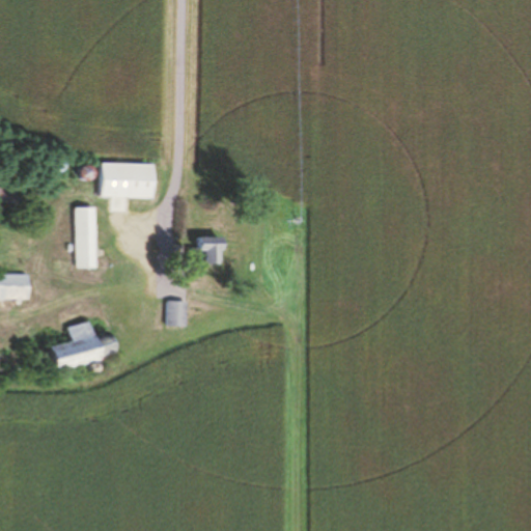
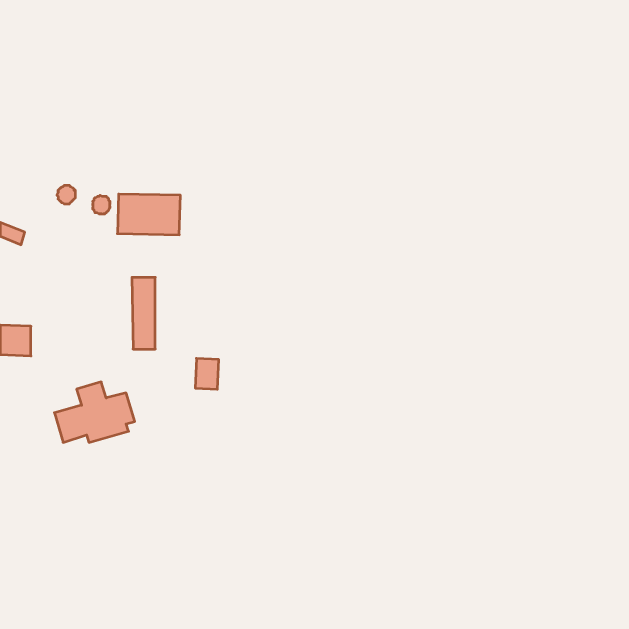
building: [76,206,95,267] -> [132,277,155,349]
building: [190,237,219,263] -> none

